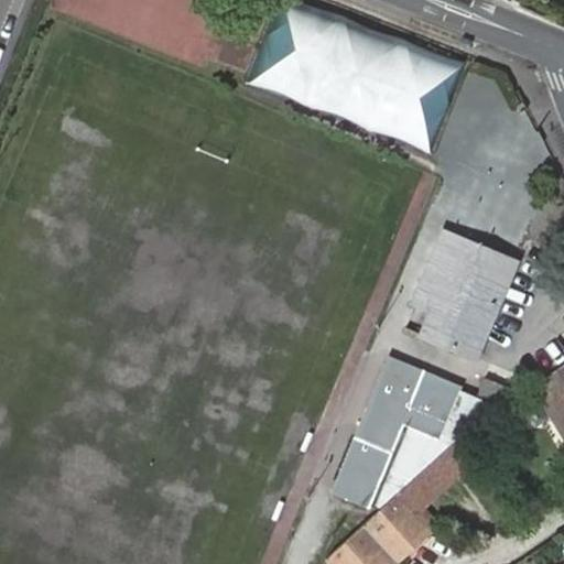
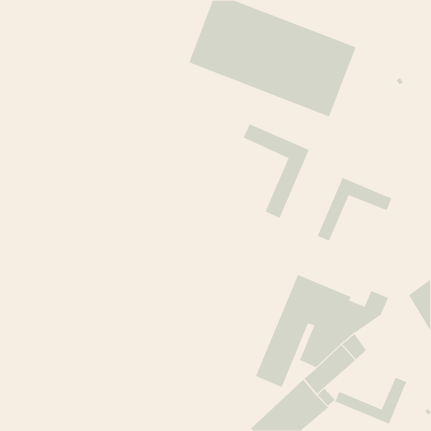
building: none -> [243,123,310,219]
building: [404,256,512,358] -> none
building: none -> [335,377,407,425]

